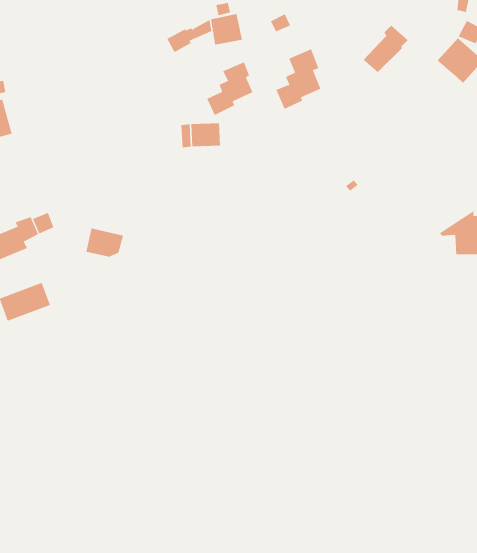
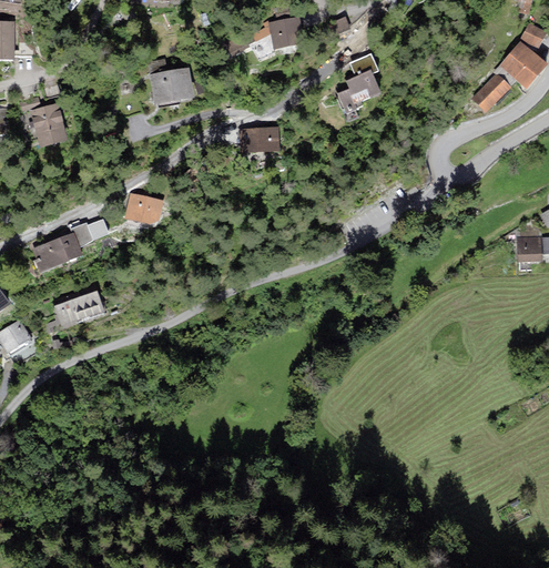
building: [363,25,409,73] -> [470,64,517,113]
building: none -> [148,59,194,104]
building: [207,61,253,116] -> none
building: [86,228,124,257] -> [125,194,164,224]

